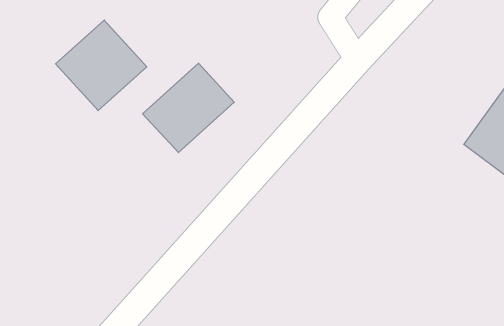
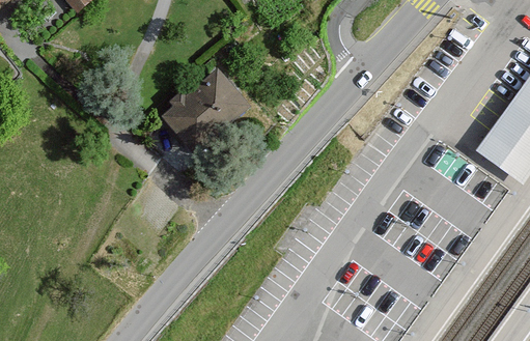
building: [56,20,147,111] -> none

